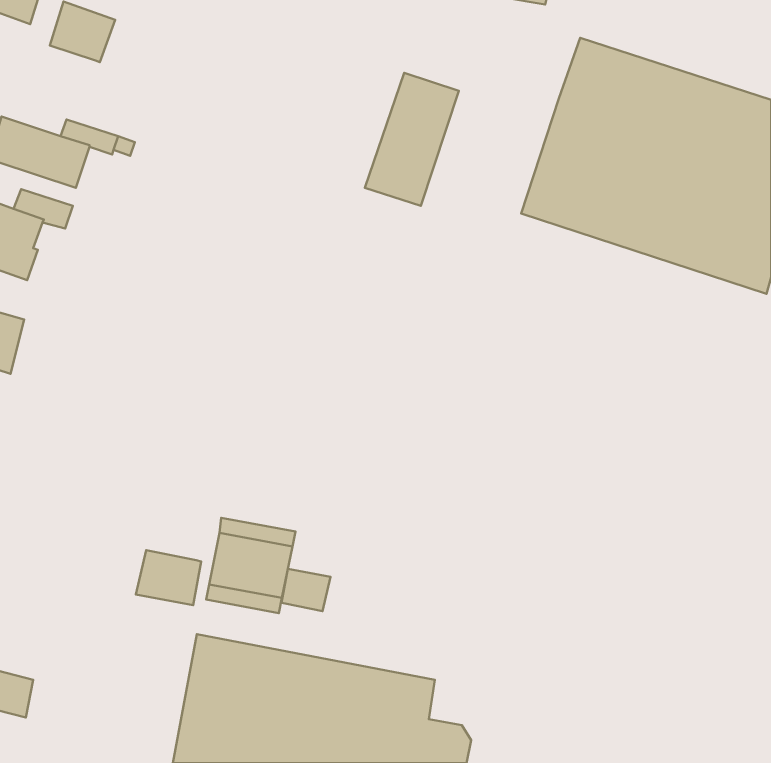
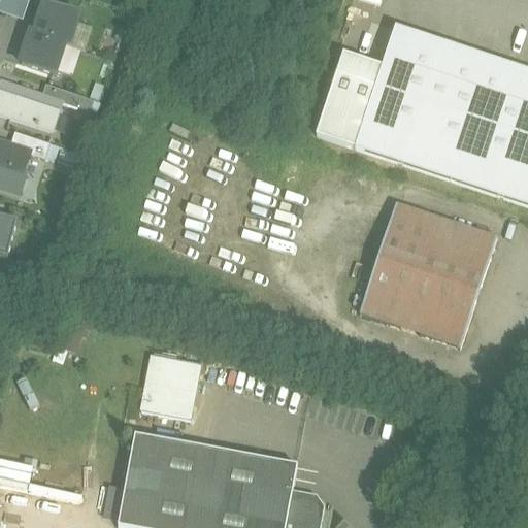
building: none -> [20,30,65,72]
building: [365,73,459,206] -> [317,55,381,145]
building: none -> [360,201,496,344]
building: [136,550,201,605] -> none
building: [282,569,330,611] -> none

